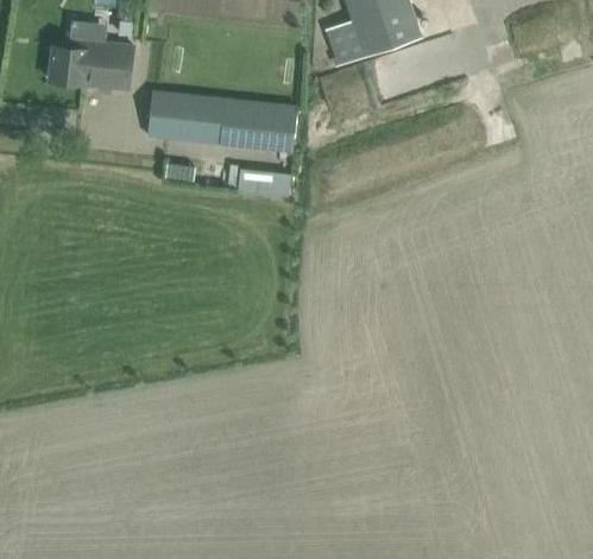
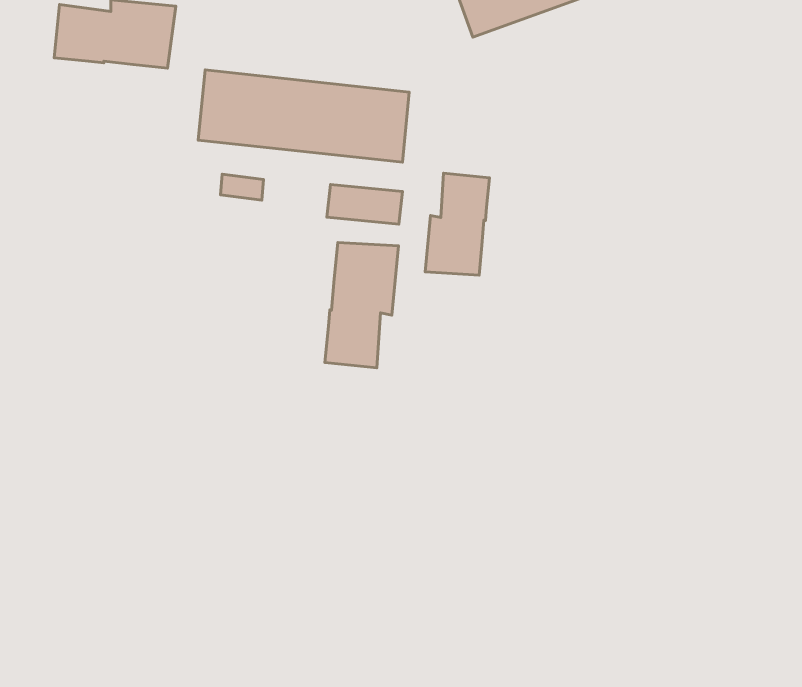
building: none -> [425,173,490,275]
building: none -> [325,243,398,368]

